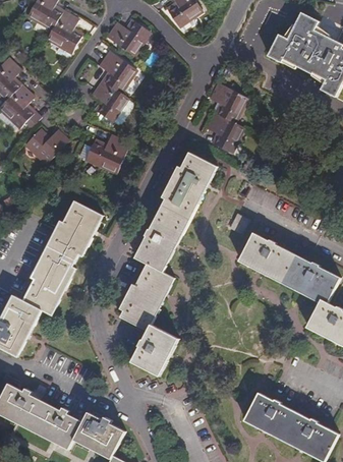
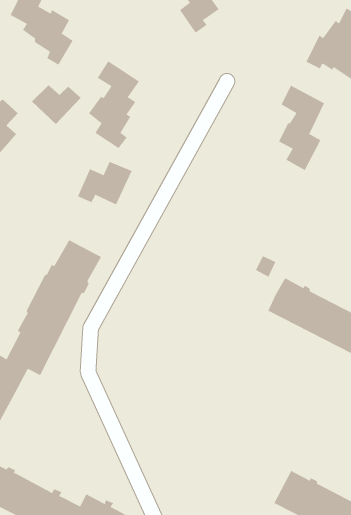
building: [105,21,152,55] -> none
building: [207,81,245,153] -> [278,85,325,171]
building: [25,129,67,163] -> [31,84,82,125]
building: [120,153,216,376] -> none

